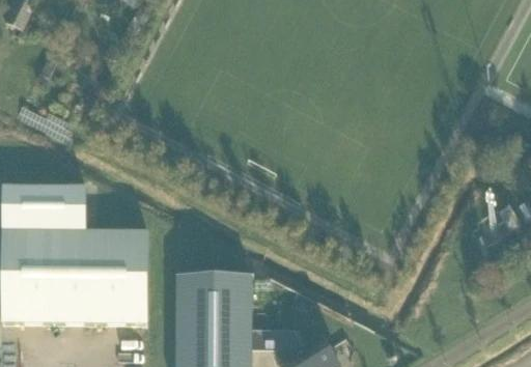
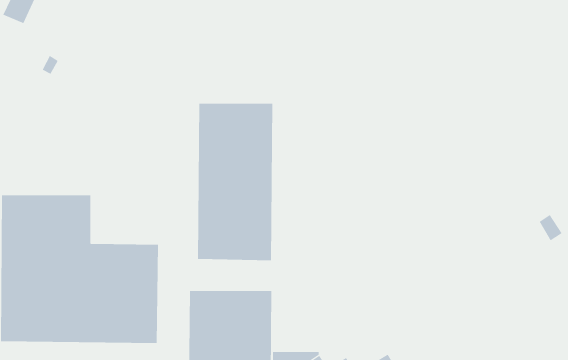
building: none -> [198,103,273,261]

